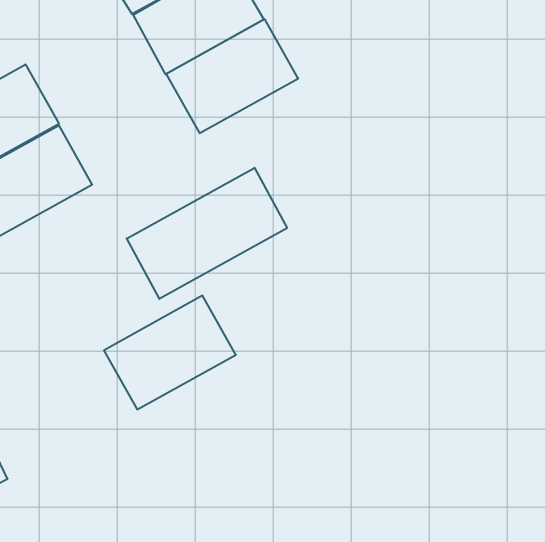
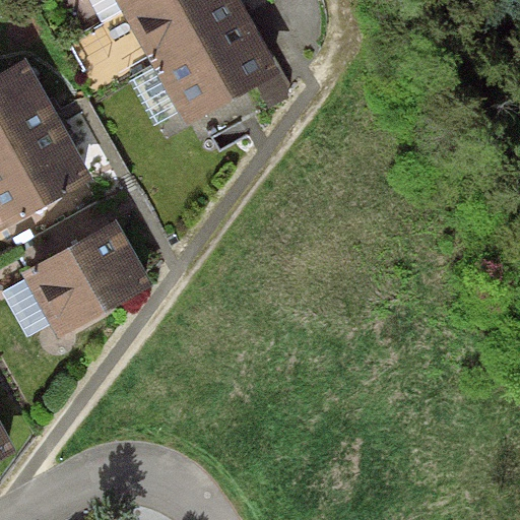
building: [127,168,287,299] -> none
building: [104,296,236,409] -> [21,225,146,333]

